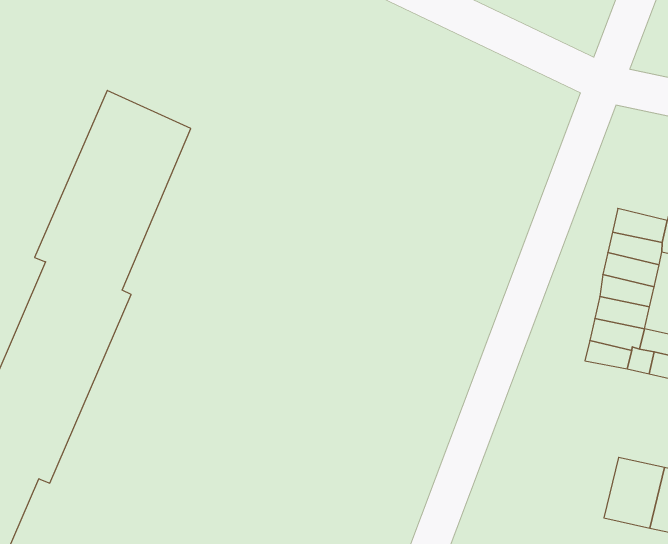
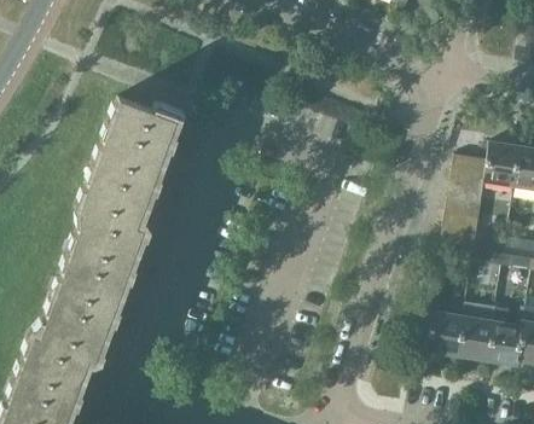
building: none -> [429,312,466,356]

